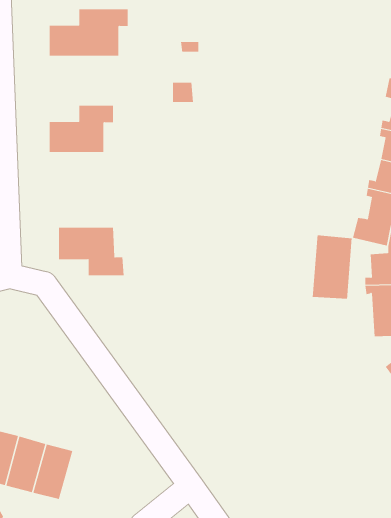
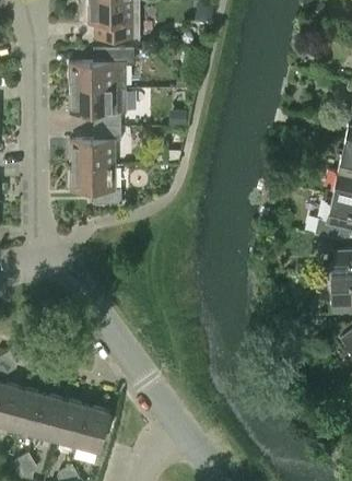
building: none -> [69,89,126,128]
building: [58,227,125,276] -> [69,166,122,206]
building: [312,234,352,299] -> none
building: none -> [78,407,110,453]

